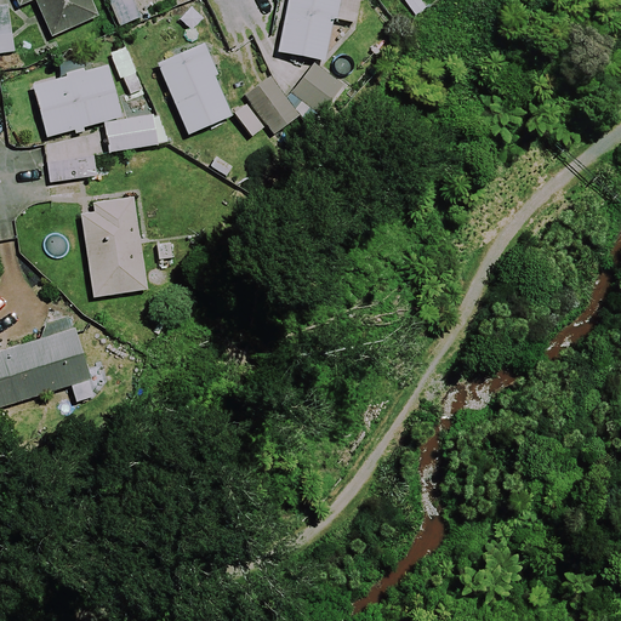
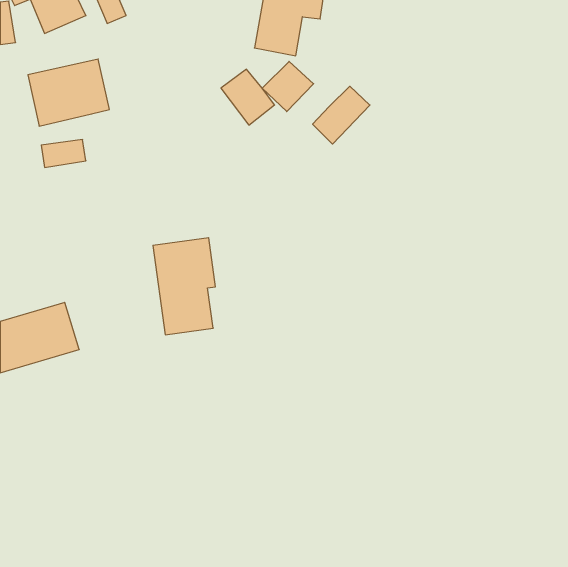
building: [156,42,230,135] -> none
building: none -> [313,86,370,144]
building: [102,114,155,153] -> none
building: [80,190,148,296] -> [153,238,215,335]

